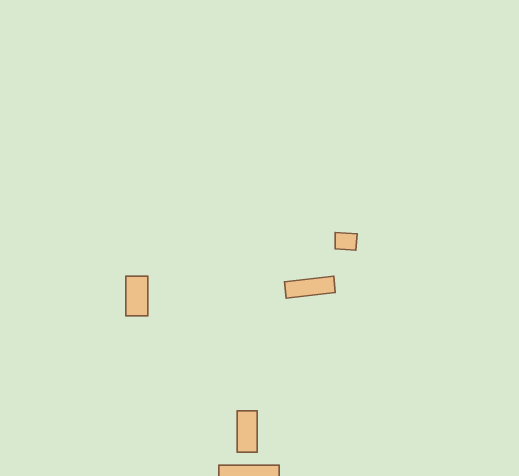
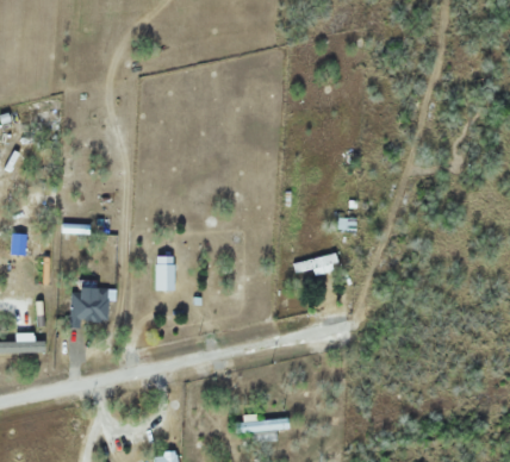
building: none -> [70,288,108,326]
building: [237,411,257,452] -> none

